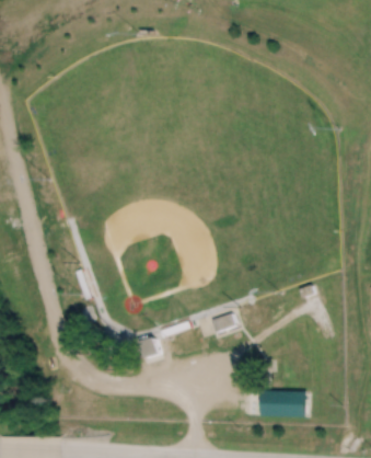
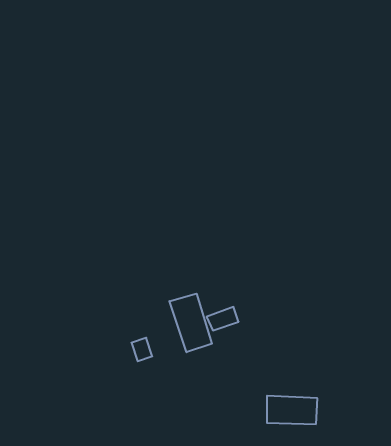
building: none -> [169,294,212,352]

